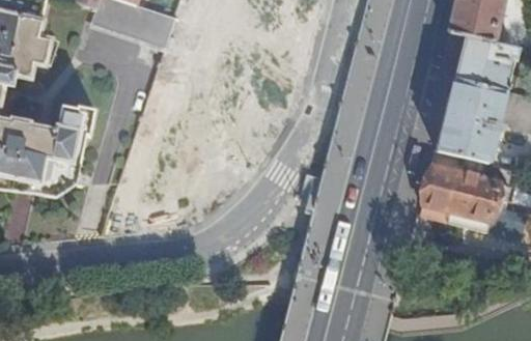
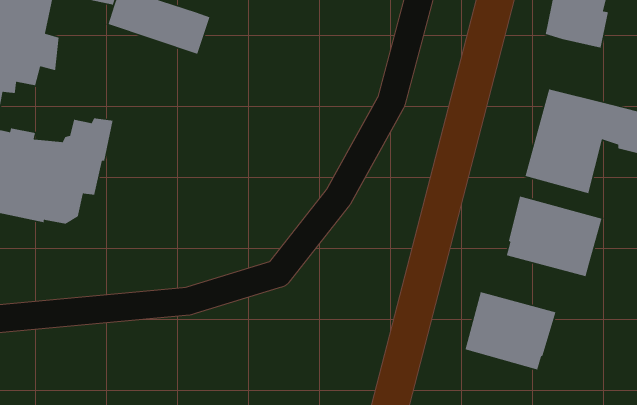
building: [453,35,513,88] -> none
building: none -> [464,291,556,371]

